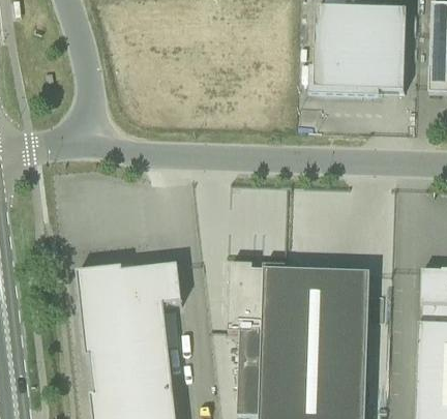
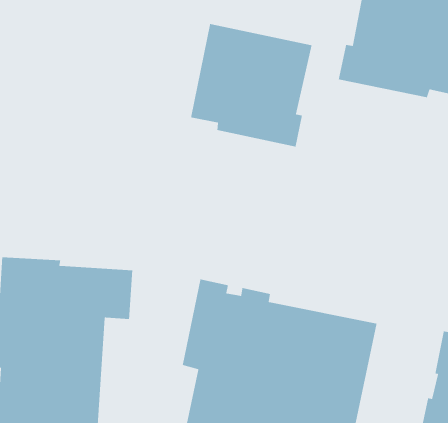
building: none -> [190,23,313,148]

